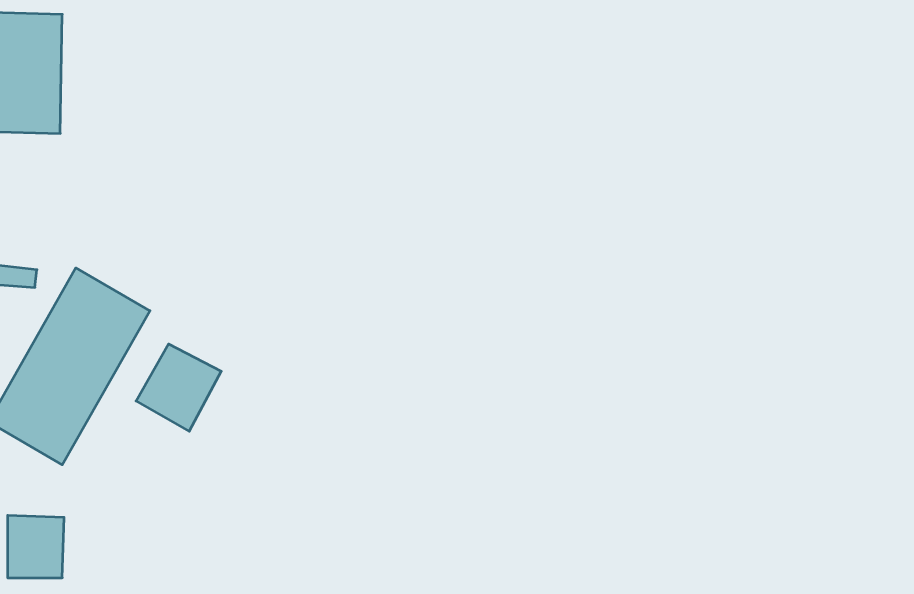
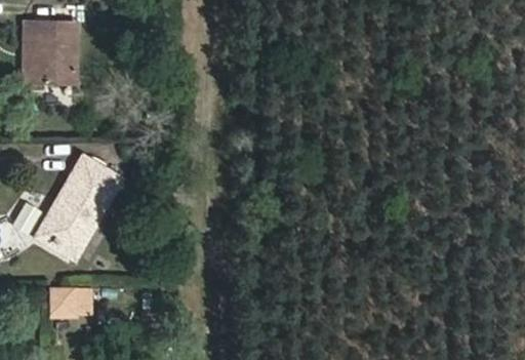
building: [136,344,221,431] -> none

